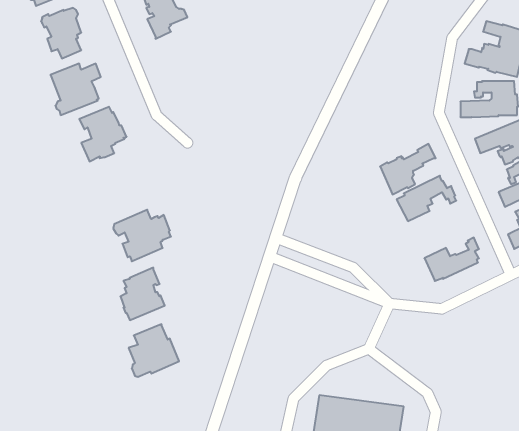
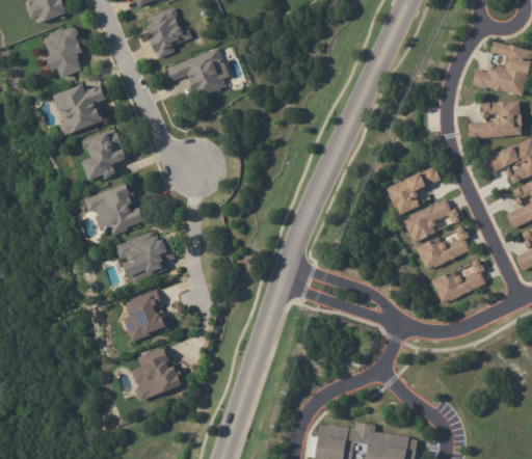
building: none -> [168,48,230,97]
building: none -> [84,185,144,235]
building: none -> [415,226,470,270]

